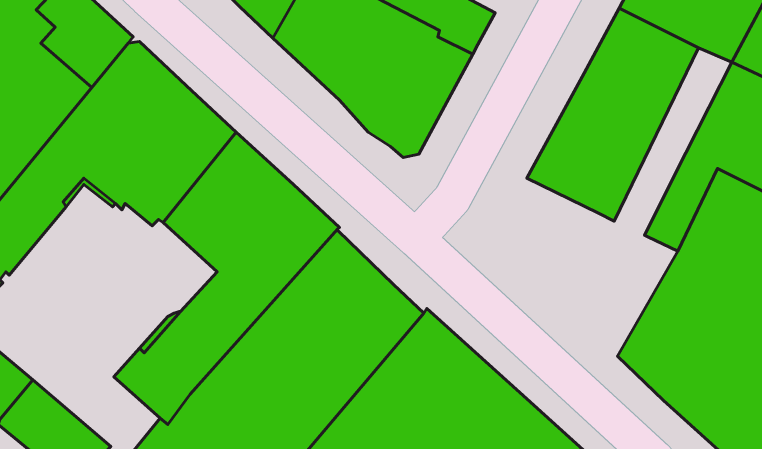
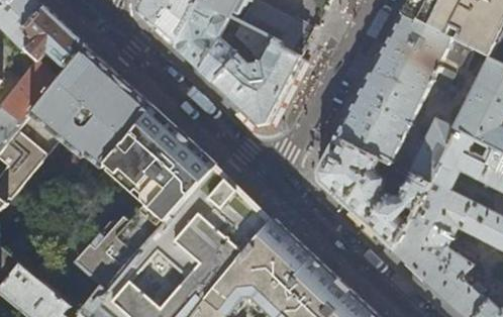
building: none -> [318,137,432,250]

